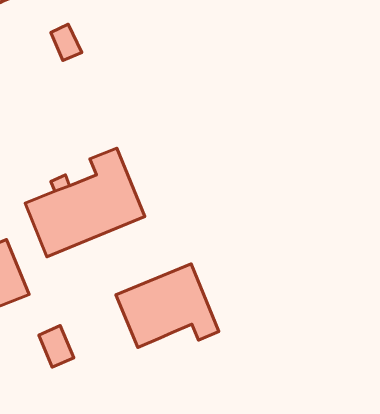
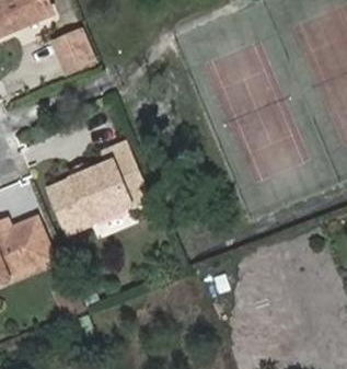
building: [116,264,219,347] -> none

